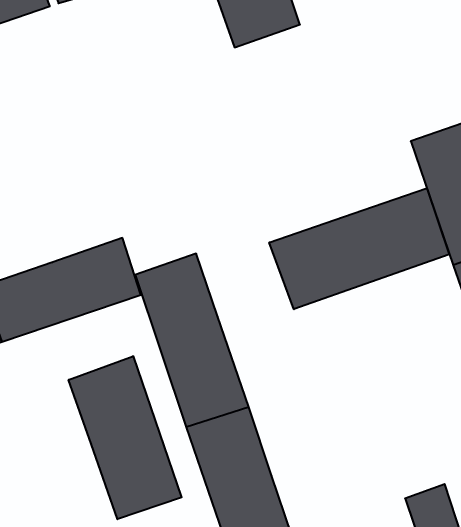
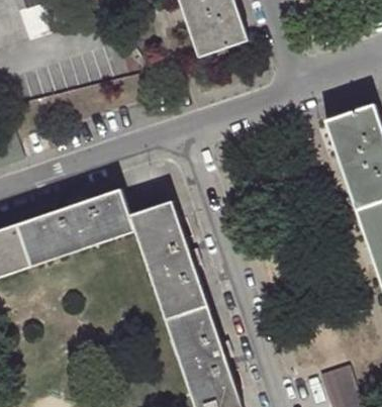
building: [269,188,449,309] -> none
building: [69,356,182,519] -> none

